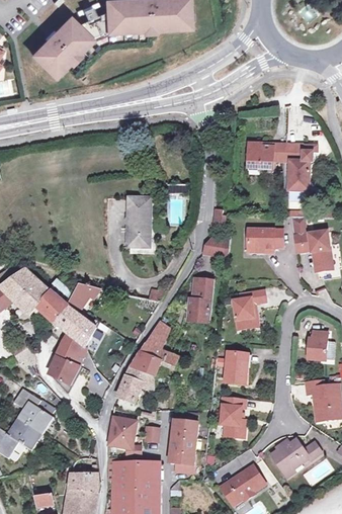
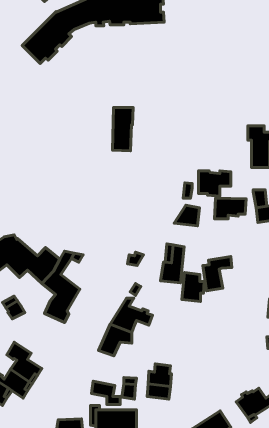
building: [248,144,284,172] -> [198,171,231,196]
building: [127,198,151,247] -> [113,108,133,151]
building: [225,353,250,386] -> [182,273,204,301]
building: [49,355,78,393] -> none
building: [221,398,245,438] -> none
building: [110,417,138,436] -> none
building: [169,448,195,473] -> none

